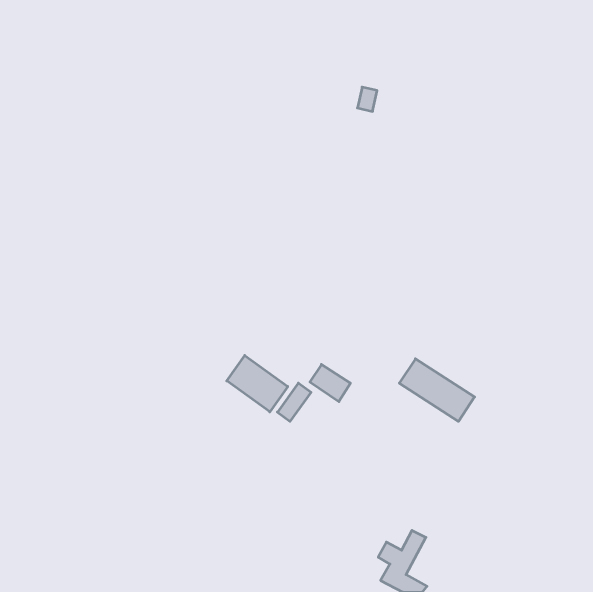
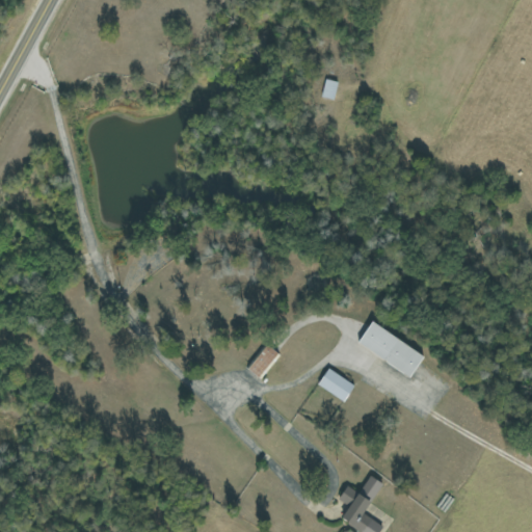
building: [227,355,288,412] -> none
building: [310,364,350,402] -> [318,368,354,401]

